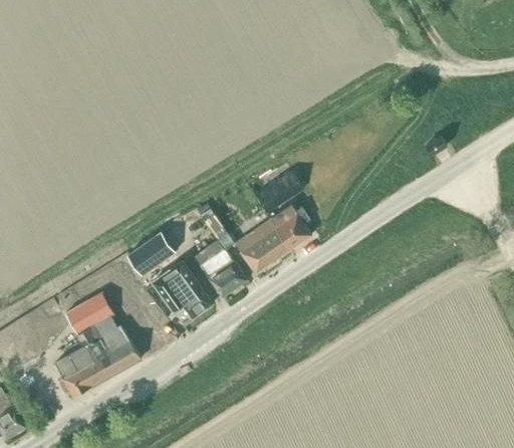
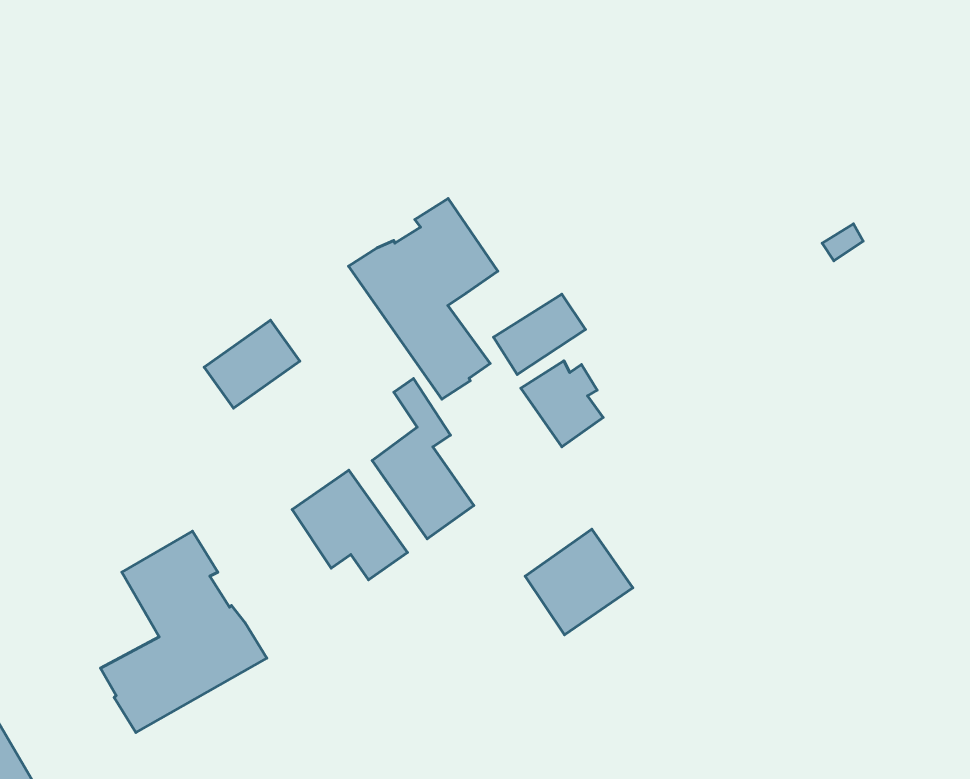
building: none -> [349,199,498,399]
building: [236,220,291,274] -> [525,529,633,635]
building: [126,232,176,277] -> [204,320,300,408]

